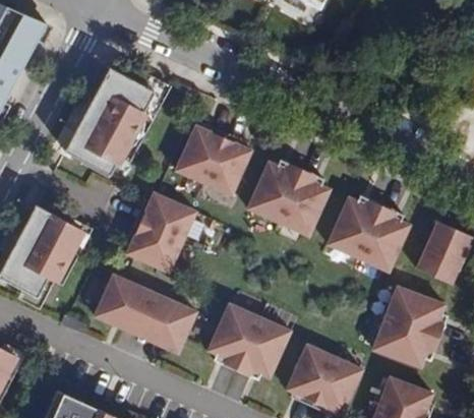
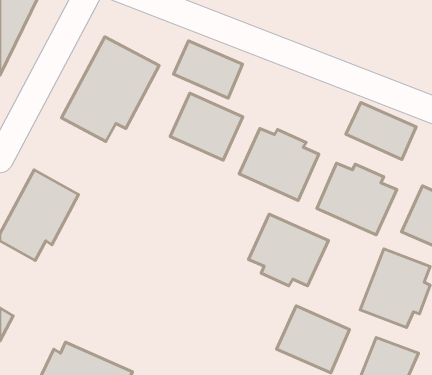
building: none -> [174,41,243,98]
building: none -> [346,102,416,159]
building: [126,192,195,272] -> none
building: [95,275,195,353] -> none
building: [208,303,290,377] -> [249,214,328,286]

